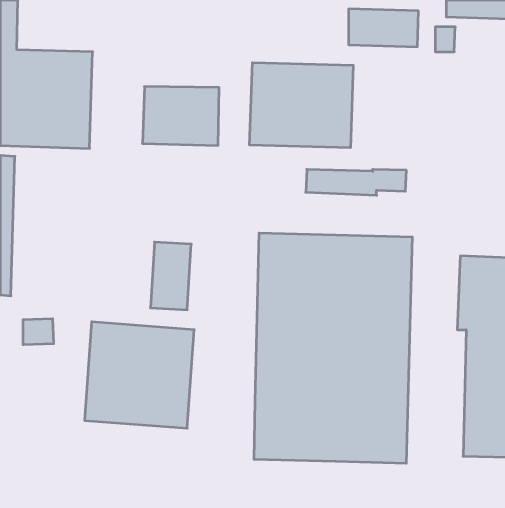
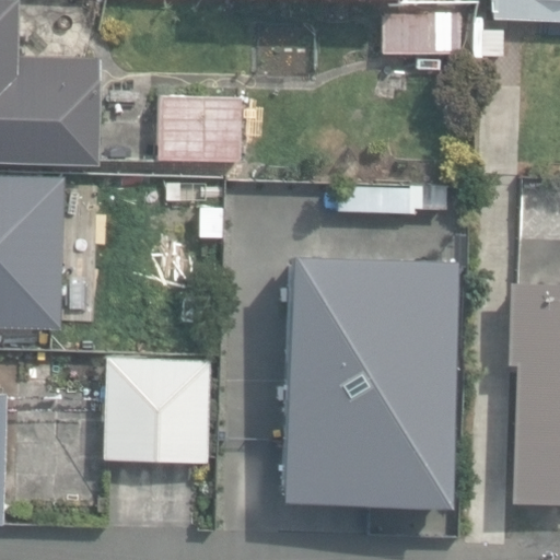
building: [250,63,353,148] -> none

